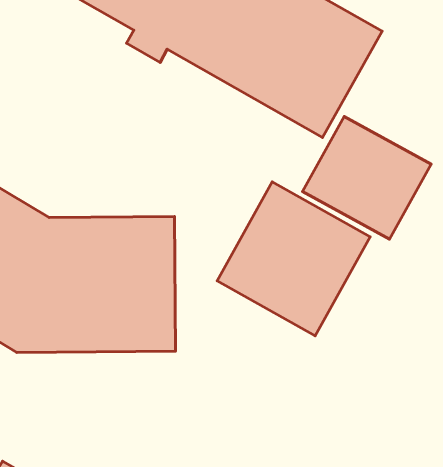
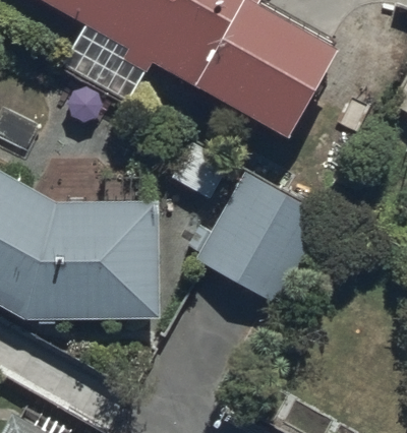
building: [302,116,431,239] -> none

